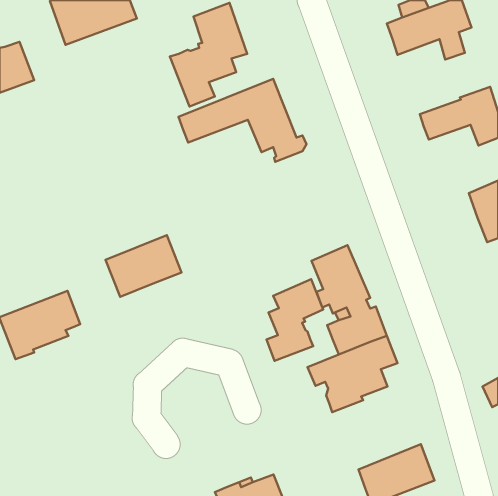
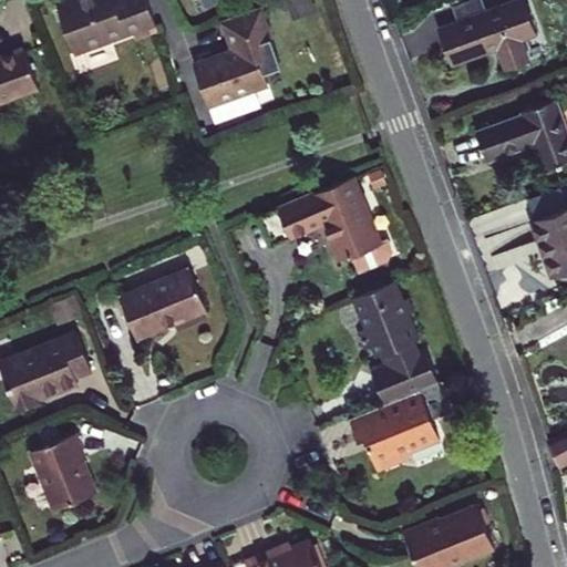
building: [178,79,306,162] -> [246,178,391,272]
building: [266,279,323,361] -> none
building: none -> [30,435,96,512]

